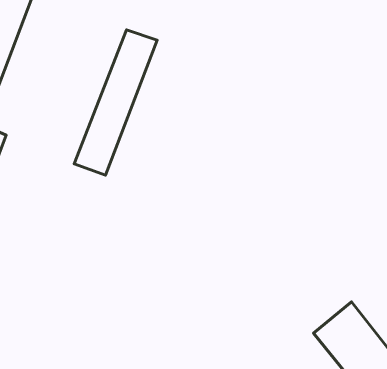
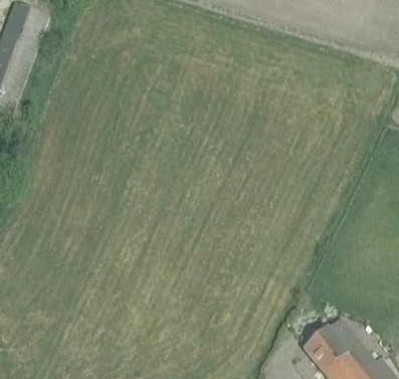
building: [74,30,157,175] -> none

